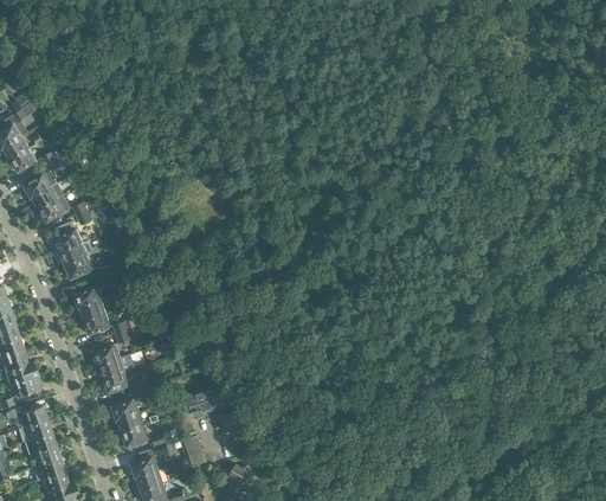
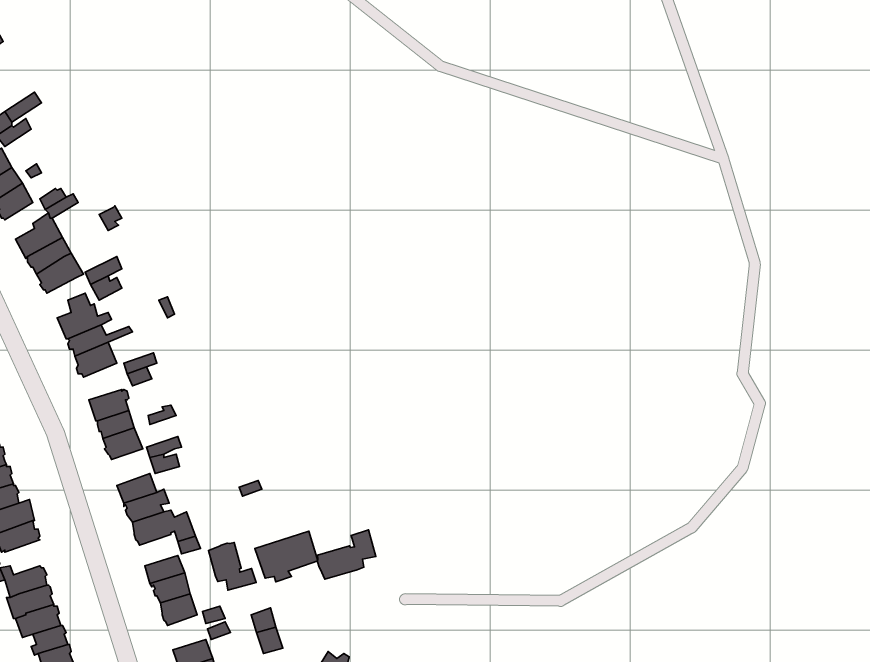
building: none -> [317,530,376,579]
building: none -> [209,543,256,590]

